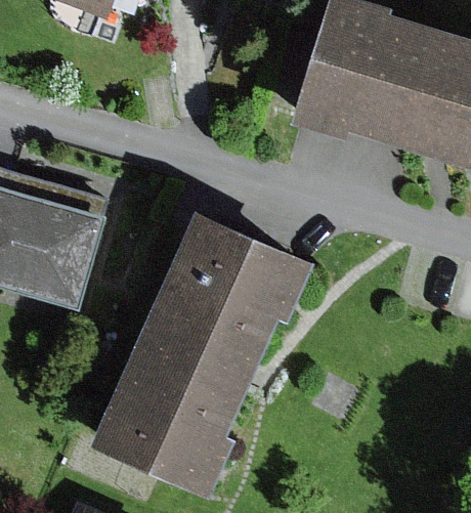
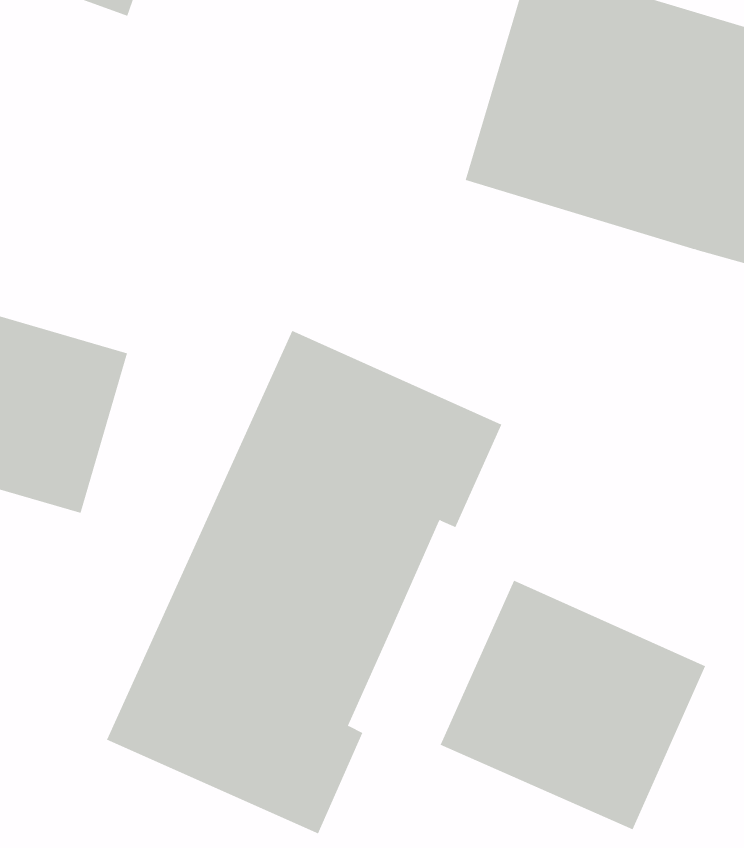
building: none -> [440,580,706,830]

